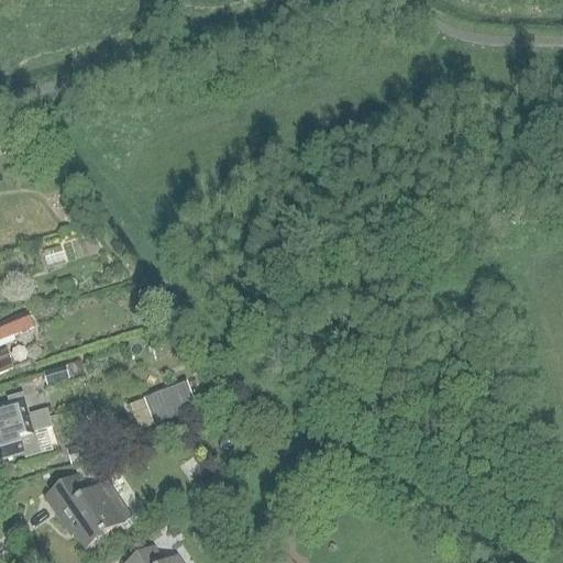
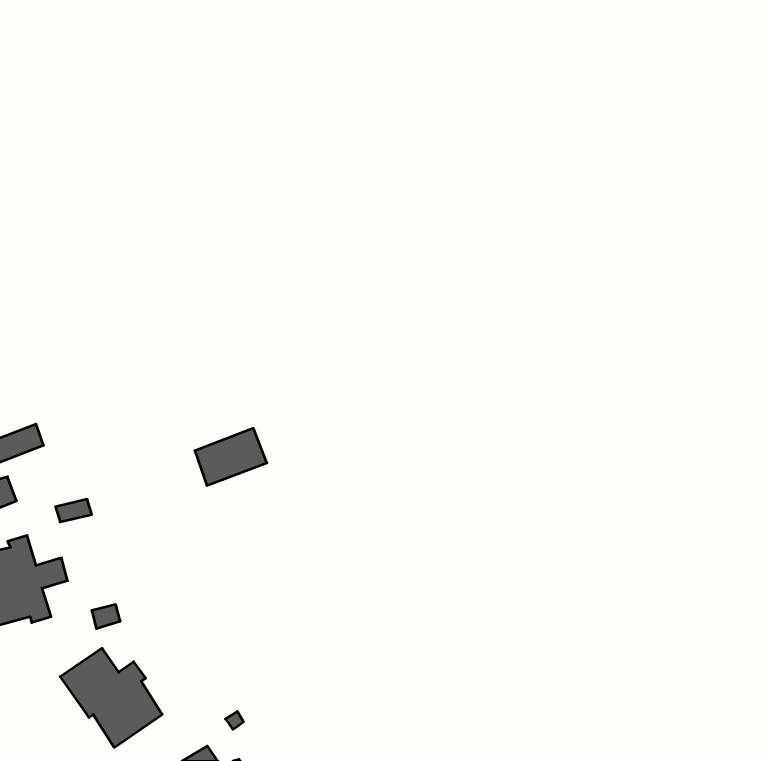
building: [142,380,195,422] -> [195,428,267,485]

